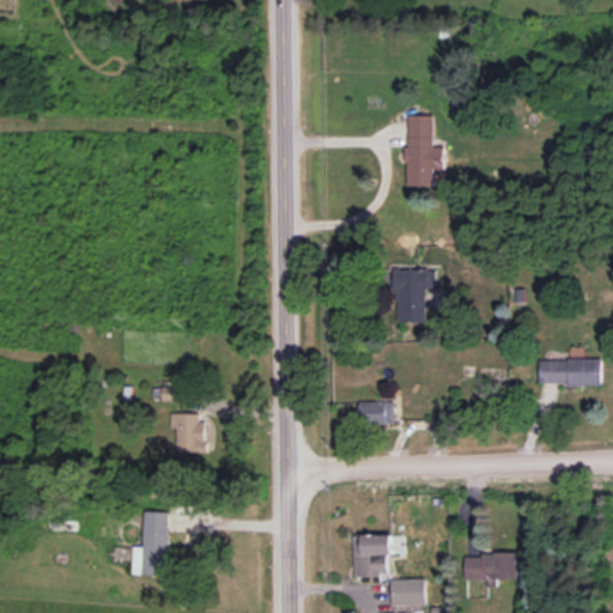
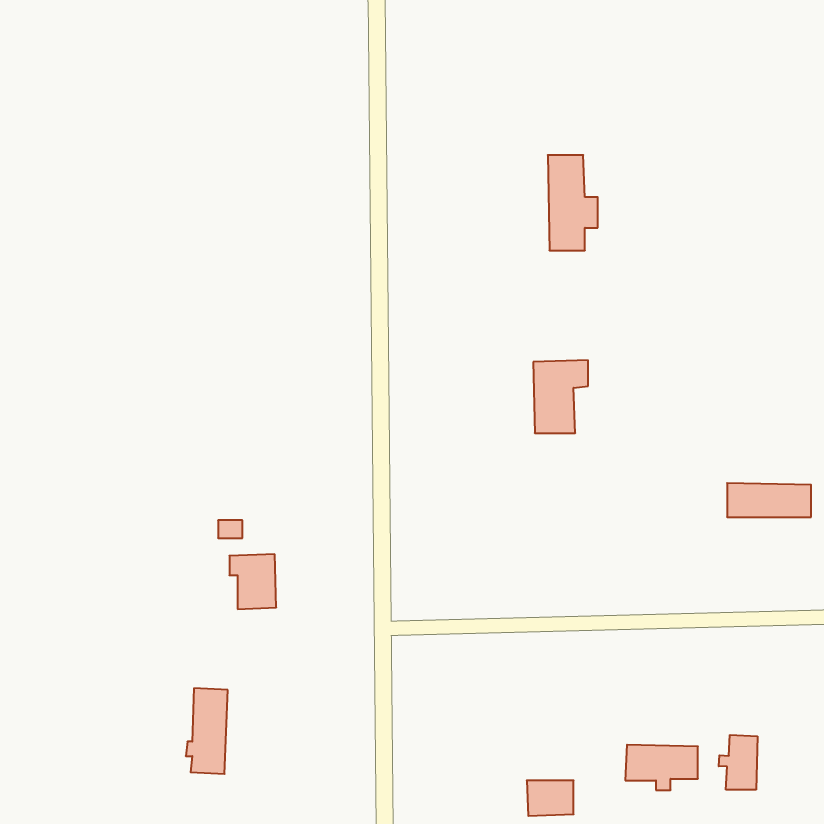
building: [357,401,393,424] -> none
building: [353,534,392,577] -> none
building: none -> [719,735,757,790]

